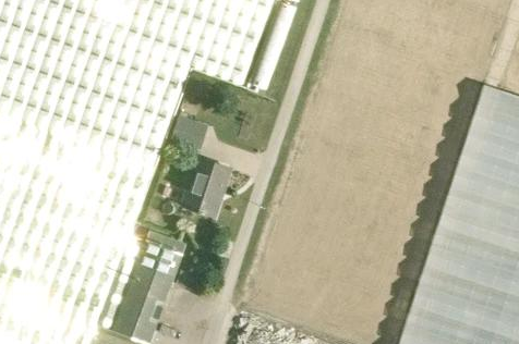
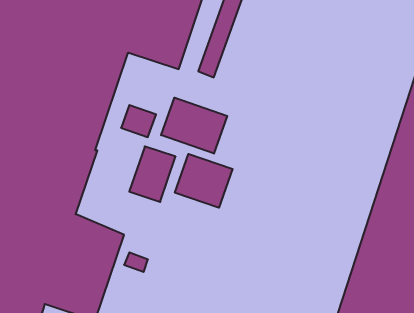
building: none -> [161,98,227,154]
building: none -> [175,154,233,208]

